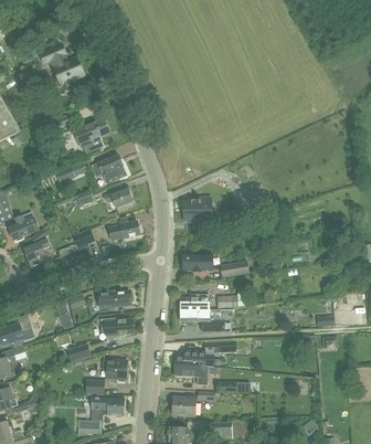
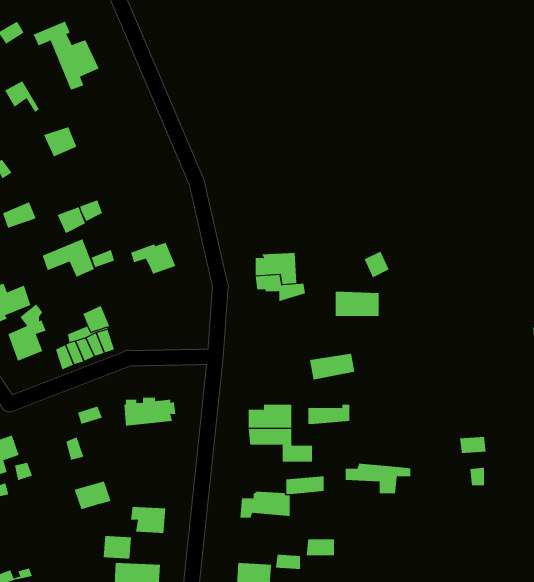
building: [72,118,108,154] -> none
building: [92,155,126,180] -> [42,238,95,278]
building: [107,220,139,240] -> none
building: [183,254,212,271] -> [335,291,379,317]
building: [99,317,133,340] -> none
building: [173,364,216,384] -> [345,463,411,494]

